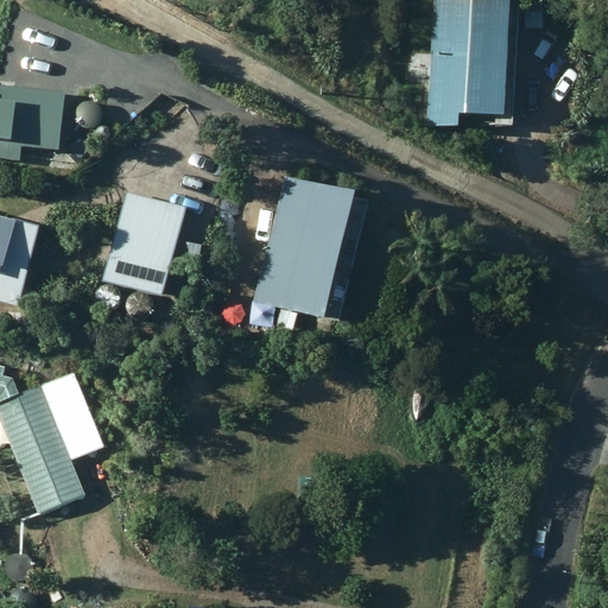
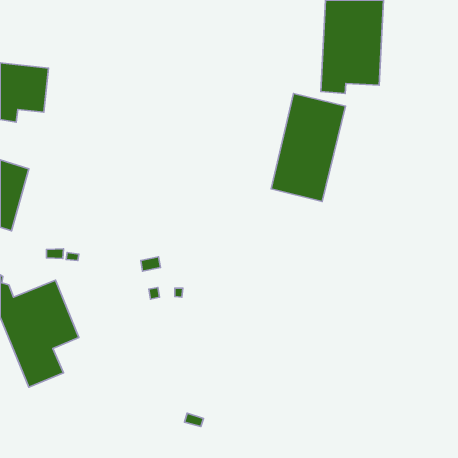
building: [255,175,354,317] -> [271,94,345,201]
building: [101,190,185,297] -> none

